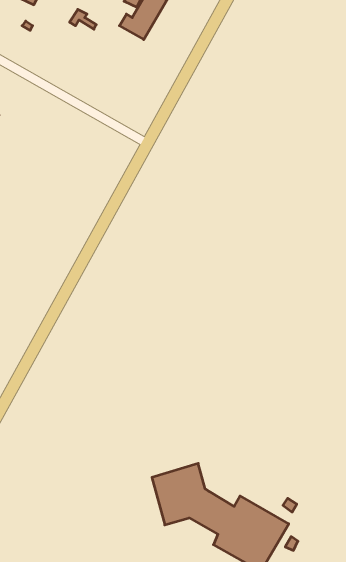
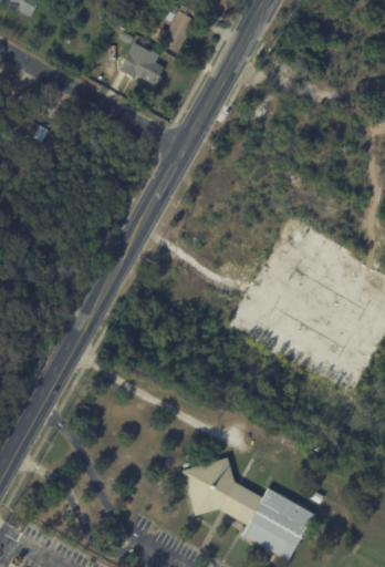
building: none -> [118,50,163,86]

